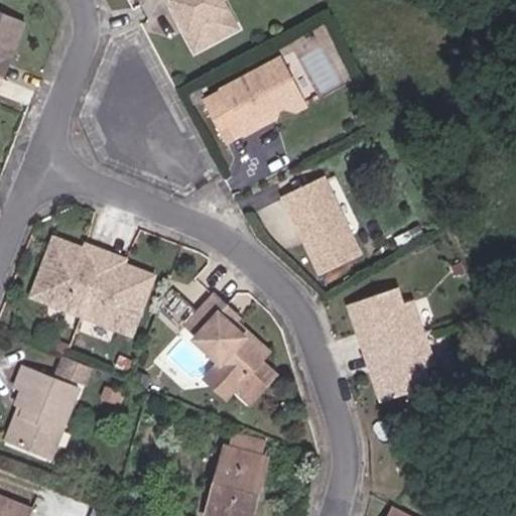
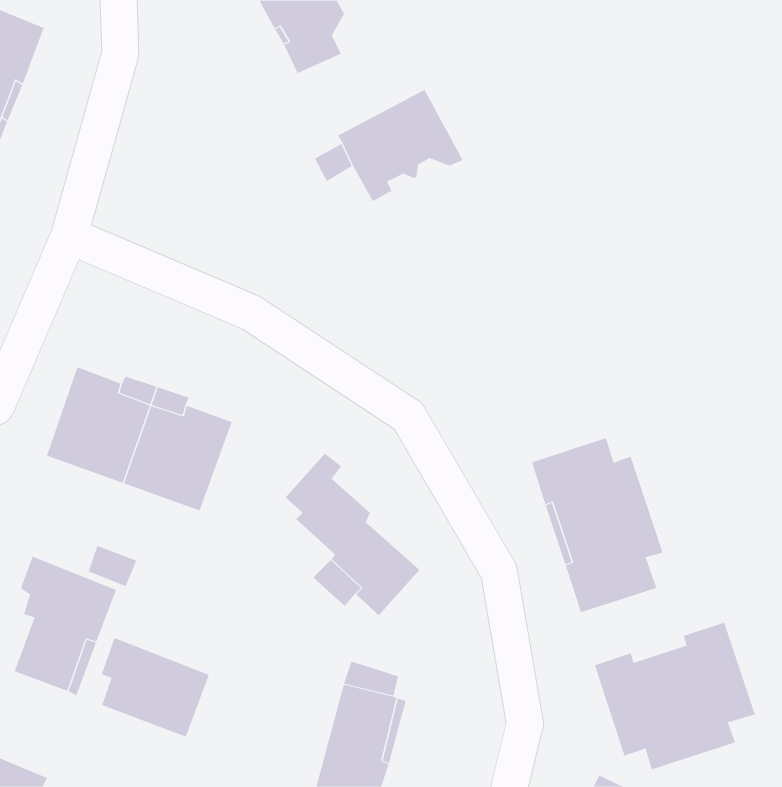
building: [284,178,357,269] -> none
building: none -> [594,622,755,770]
building: none -> [101,637,210,738]

